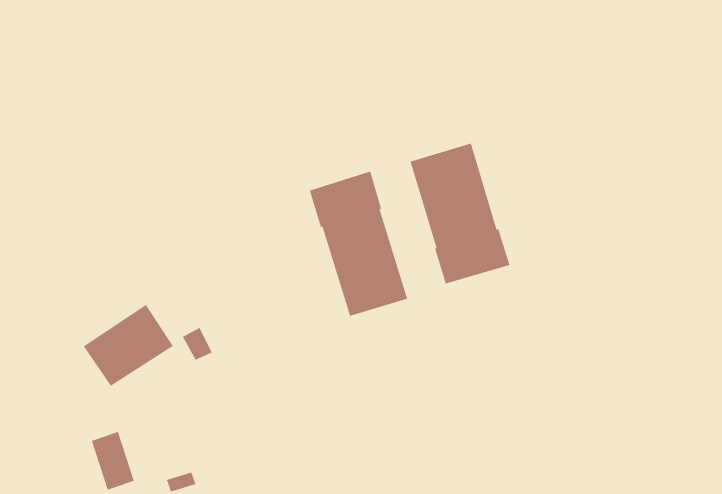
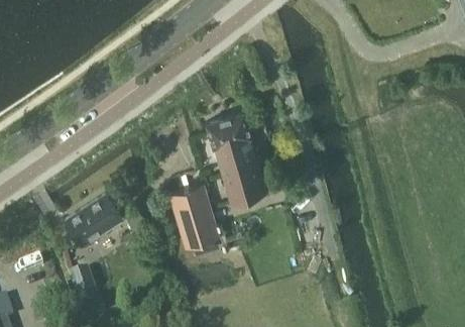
building: [410,142,511,285] -> none
building: none -> [172,185,220,247]

